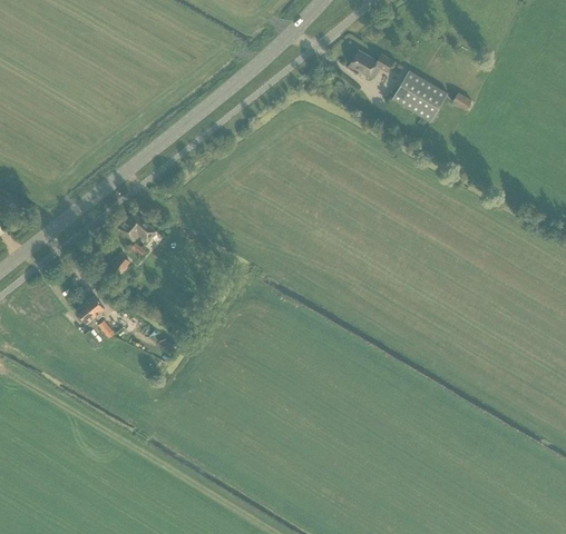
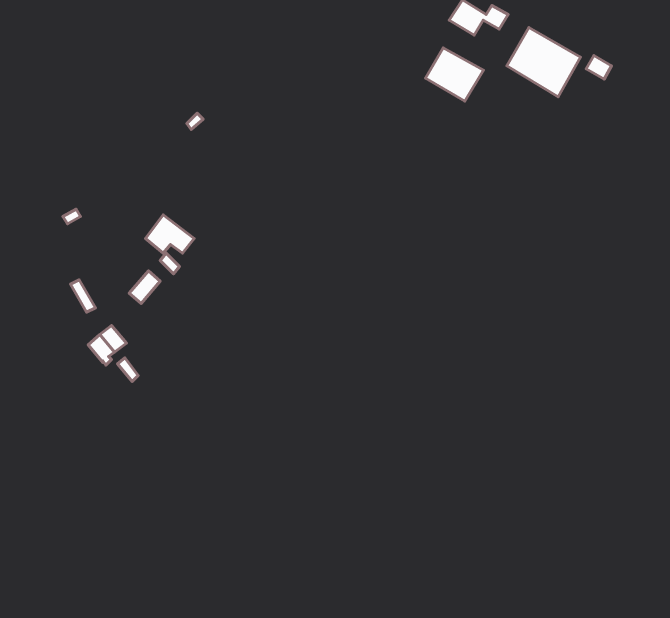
building: none -> [426,48,484,101]

